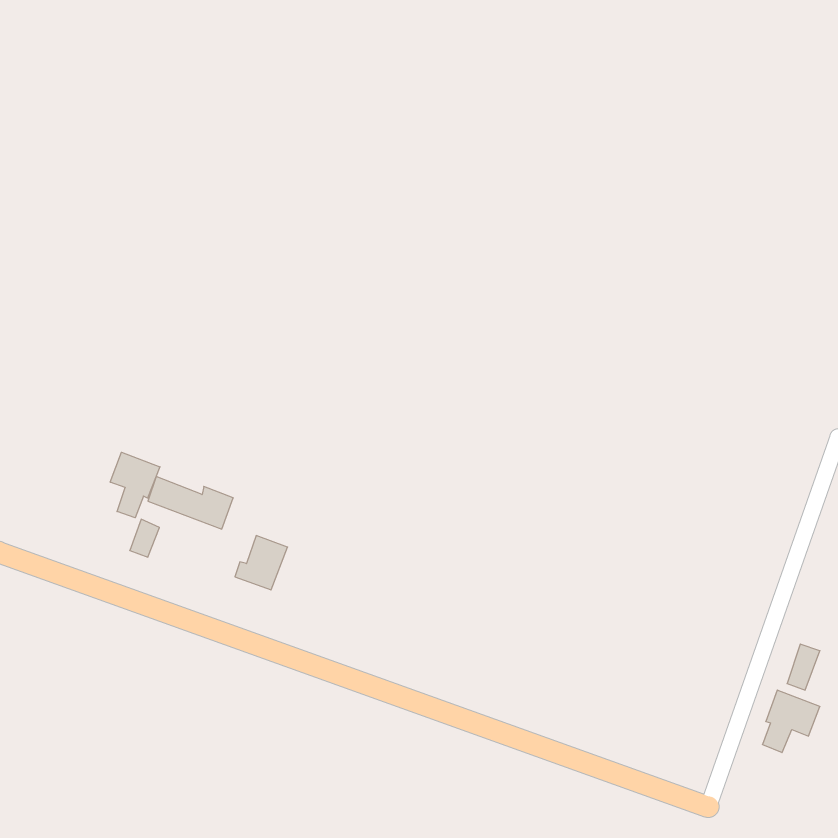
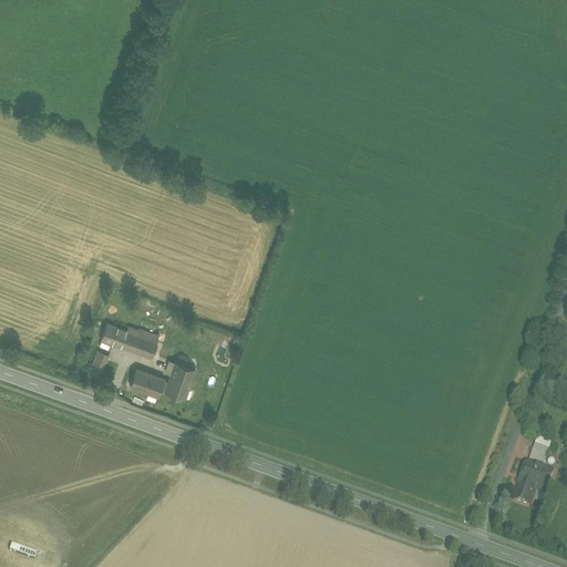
building: [110,452,160,518] -> none
building: none -> [127,368,163,396]

